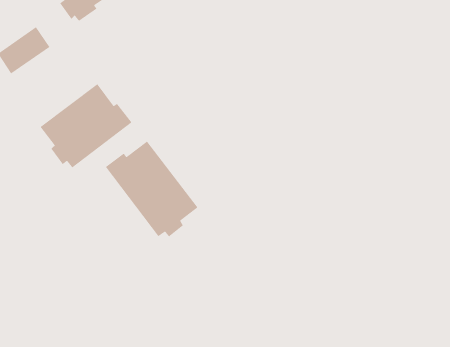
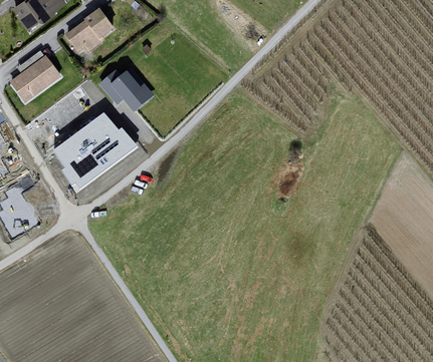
building: none -> [101,69,154,109]
building: [105,140,199,238] -> none

